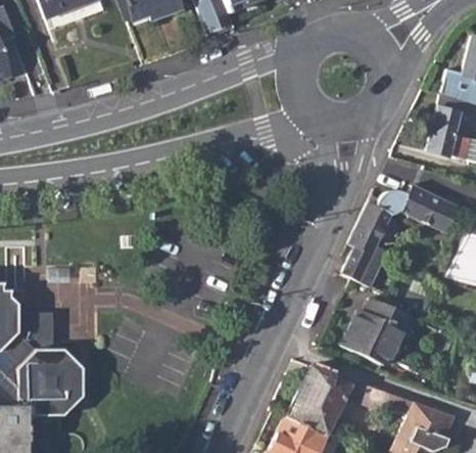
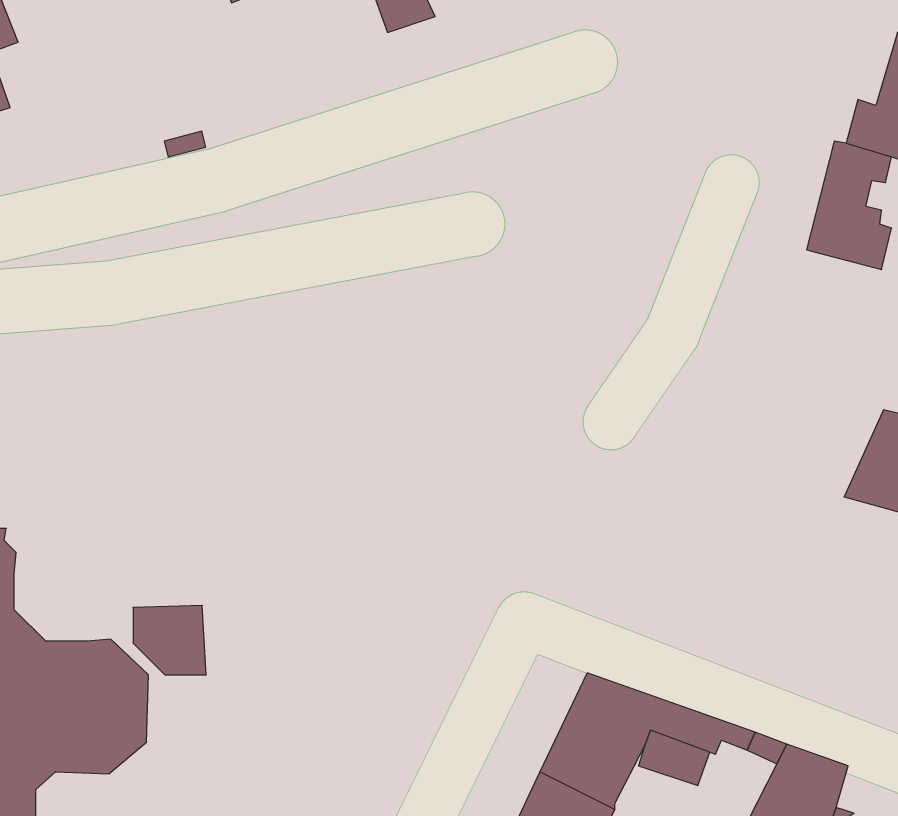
building: [344,183,456,285] -> none
building: [344,299,411,365] -> none
building: [16,314,54,350] -> [133,605,206,675]

